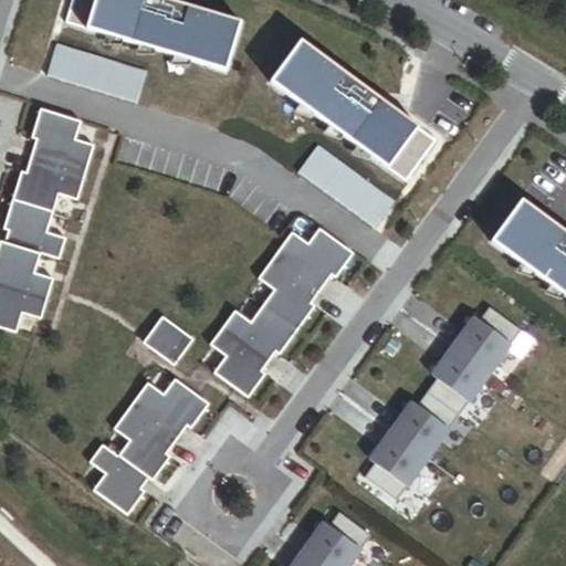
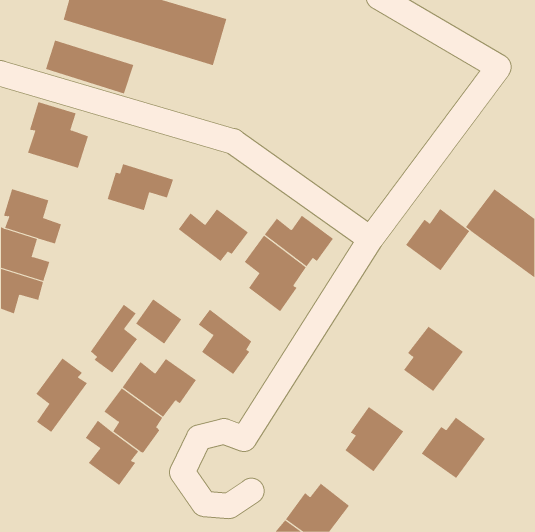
building: [270,40,434,180] -> none
building: [297,145,392,227] -> none
building: [12,161,83,211] -> [107,164,174,211]
building: [221,304,296,360] -> [178,208,249,262]
building: [452,305,521,371] -> [405,208,470,271]
building: none -> [90,304,138,374]
building: none -> [36,358,88,433]
building: [389,390,458,455] -> [421,417,486,479]

